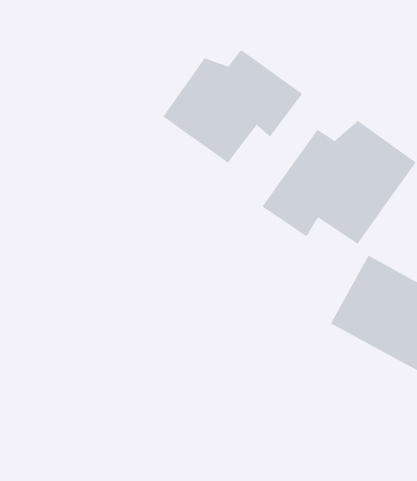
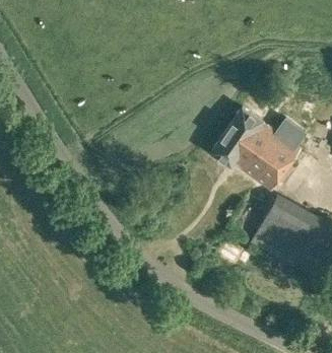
building: [163,49,303,164] -> none

